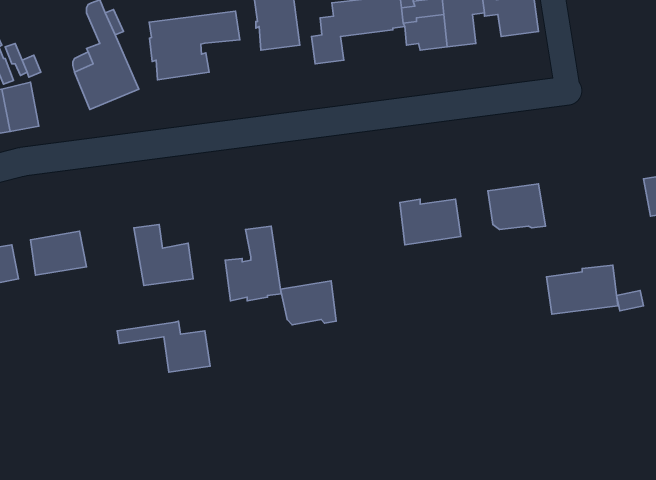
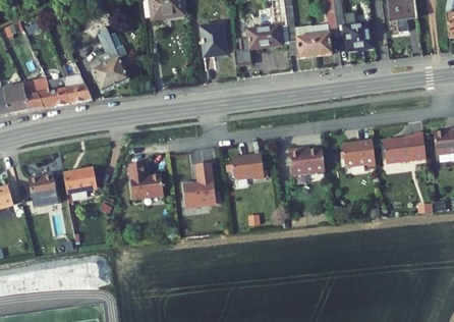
building: [149,11,240,80] -> none
building: none -> [65,73,93,103]
building: [547,265,618,314] -> [382,132,424,162]
building: [280,281,336,325] -> [229,152,263,178]
building: [117,321,210,372] -> none

